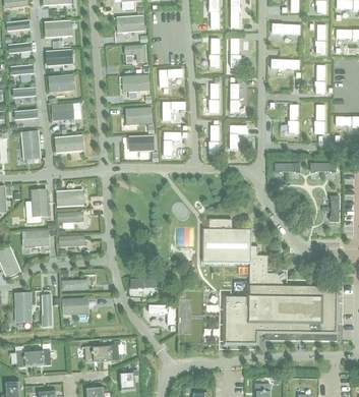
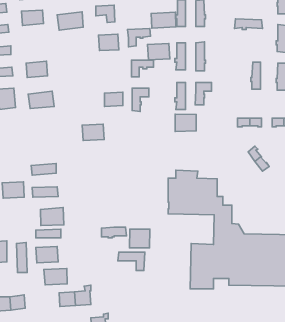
building: none -> [151,12,176,28]
building: [47,73,74,93] -> [57,12,83,30]
building: [128,107,152,124] -> [148,43,170,60]
building: none -> [175,114,196,131]
building: [29,188,48,217] -> none
building: [55,189,78,207] -> [82,124,104,141]
building: none -> [40,207,64,226]
building: none -> [129,229,150,248]
building: none -> [44,269,67,285]

